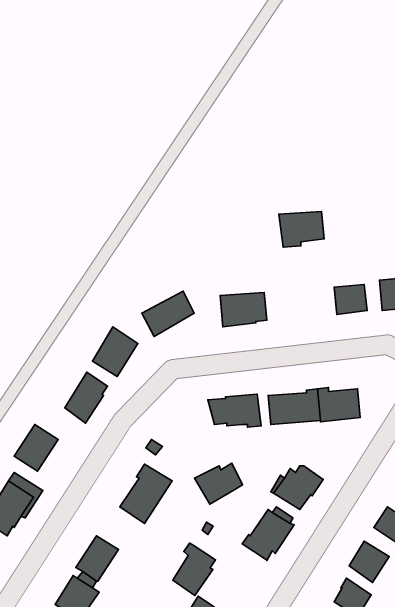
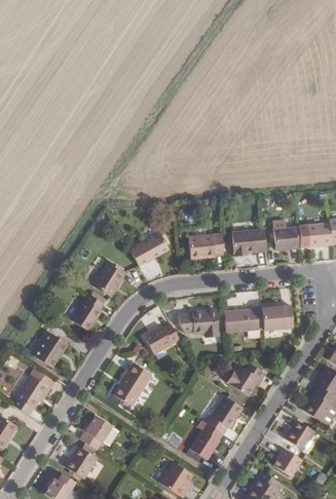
building: [279,212,324,247] -> [230,229,264,256]
building: [195,463,243,504] -> [142,322,178,353]
building: [173,543,216,595] -> [189,420,221,459]

